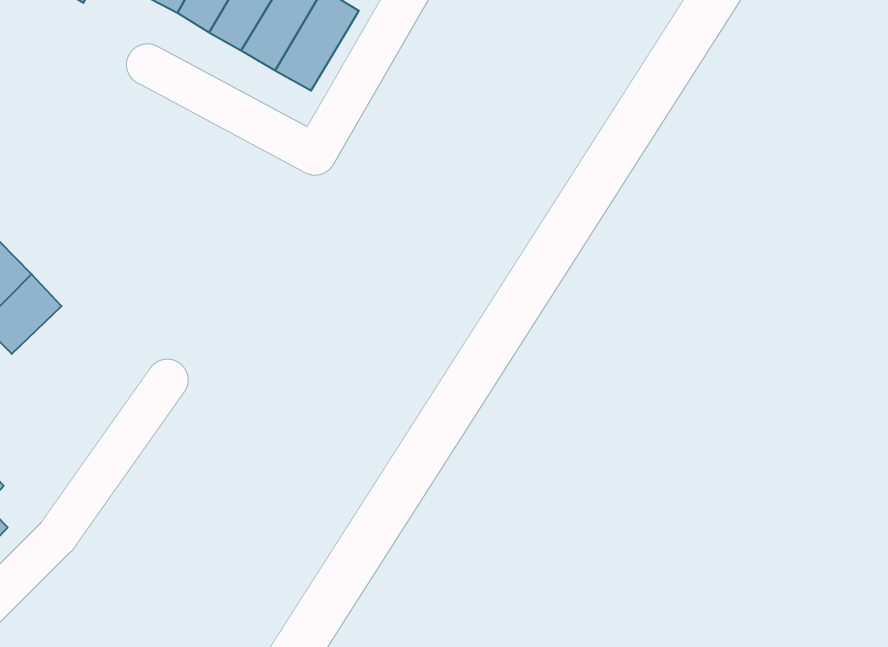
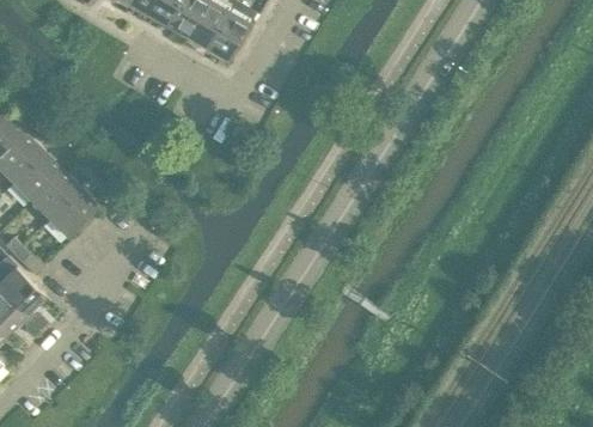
building: none -> [49,189,98,237]

